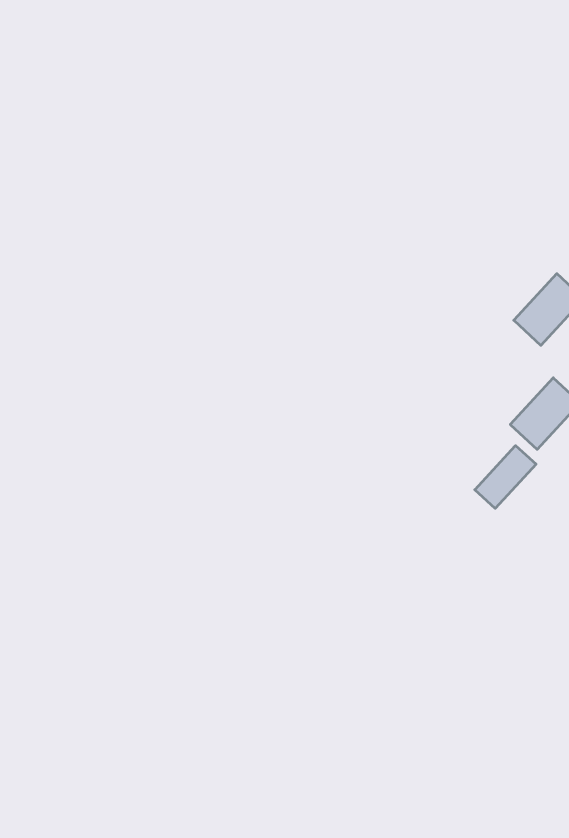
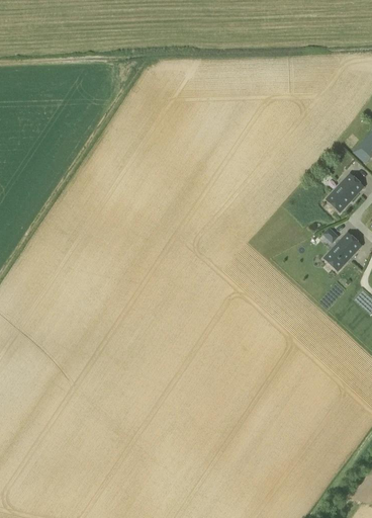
building: [475,446,536,508] -> none

